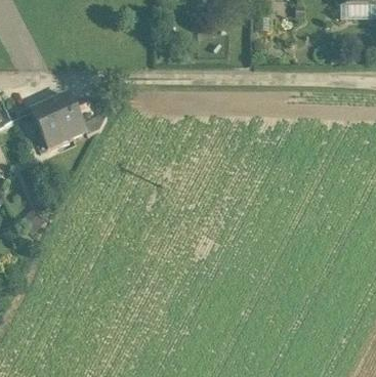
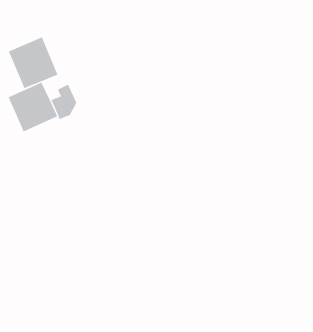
building: none -> [8,37,59,89]

